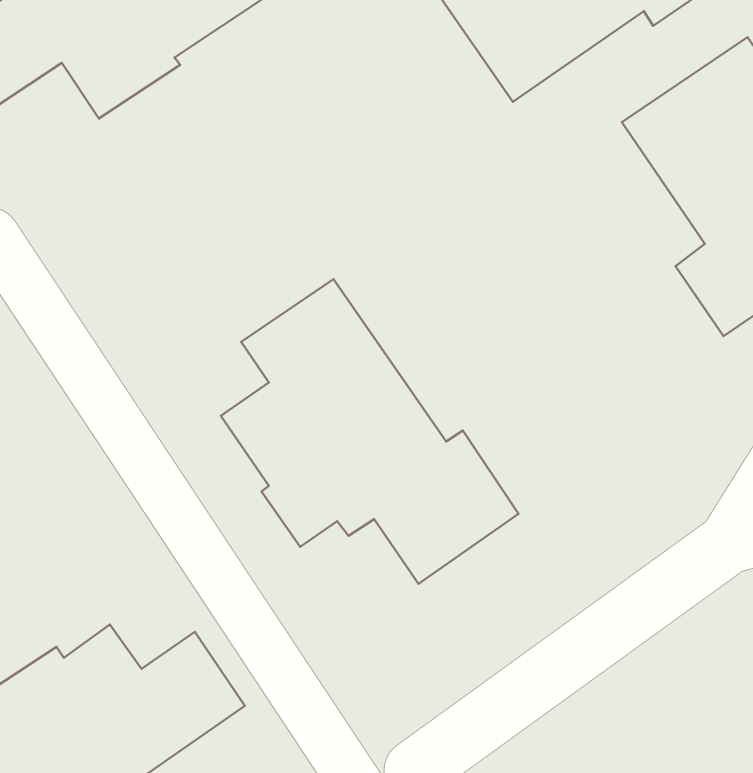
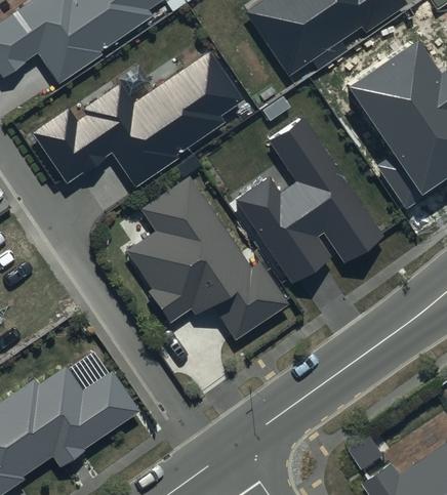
building: none -> [35,52,244,187]
building: none -> [237,118,381,283]

